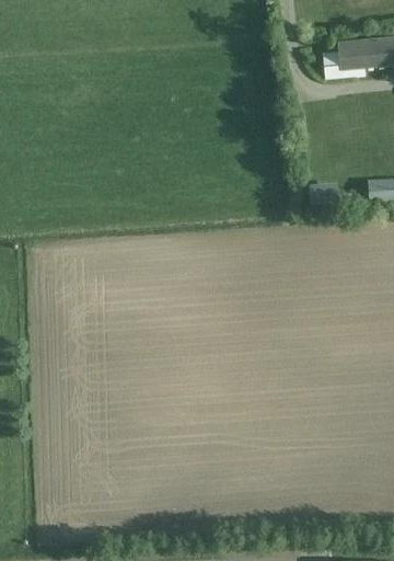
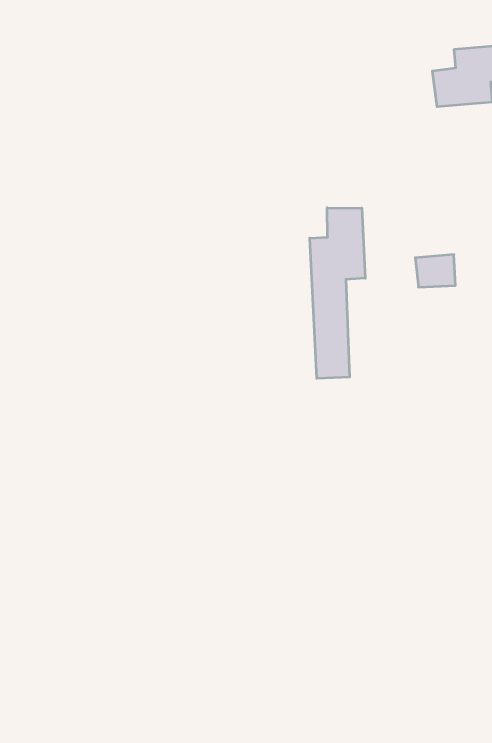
building: none -> [310,208,365,378]

